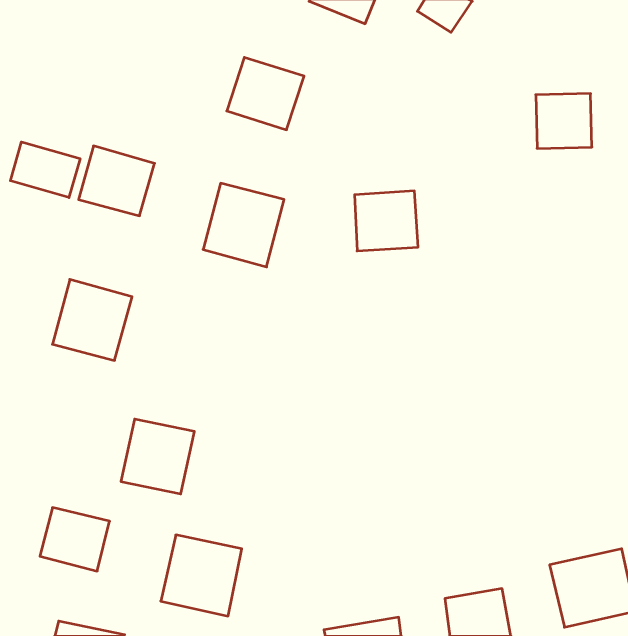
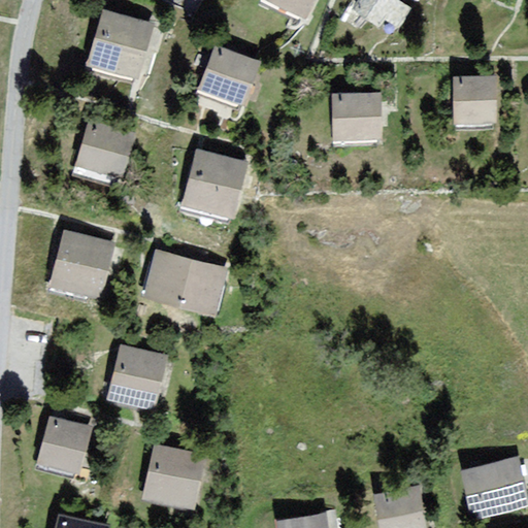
building: none -> [89,11,156,79]
building: [10,142,80,198] -> none
building: [355,191,418,251] -> [330,91,383,140]
building: none -> [142,249,227,318]

